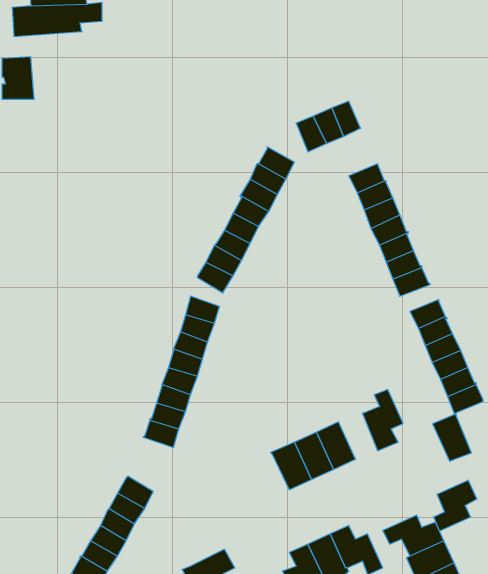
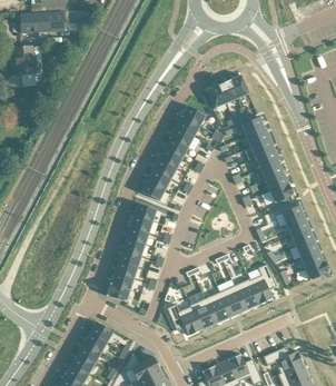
building: [433,414,472,461] -> [234,278,259,309]
building: none -> [167,304,201,335]
building: [434,480,477,531] -> none
building: none -> [125,354,159,379]

